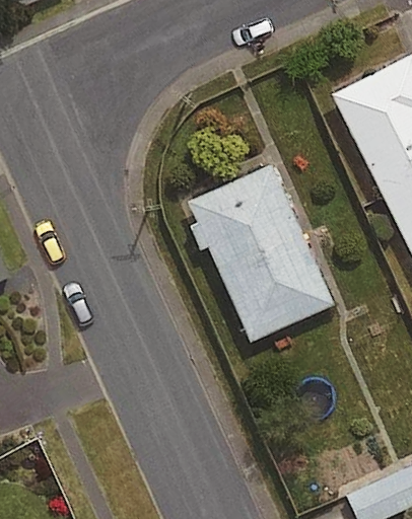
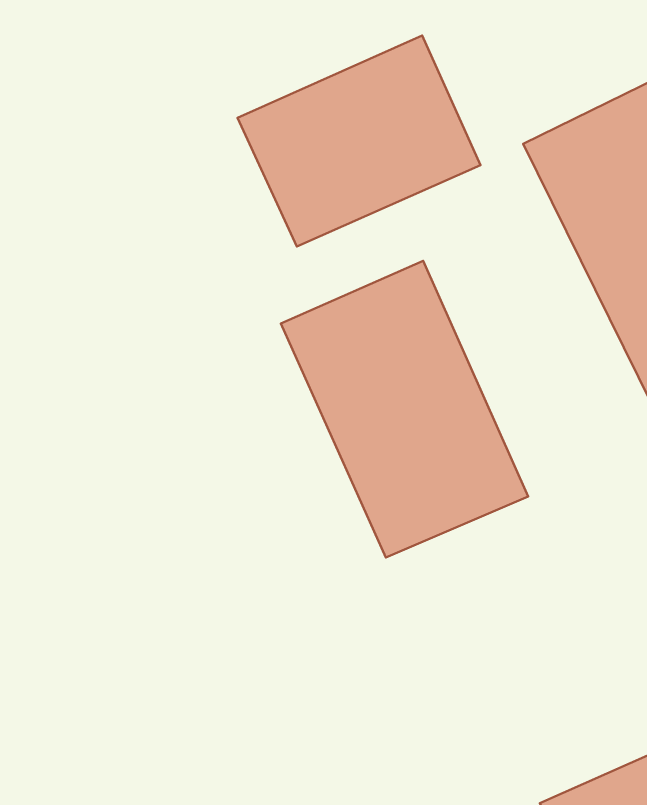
building: none -> [237,35,480,246]

